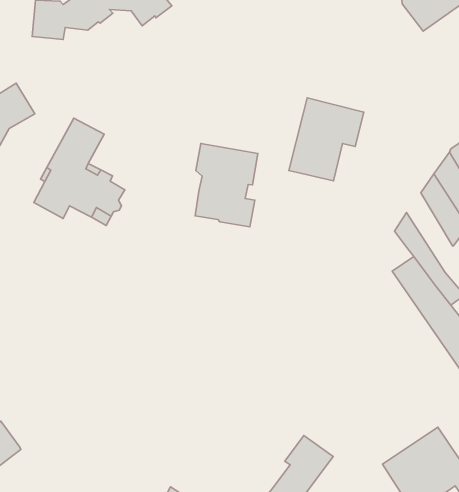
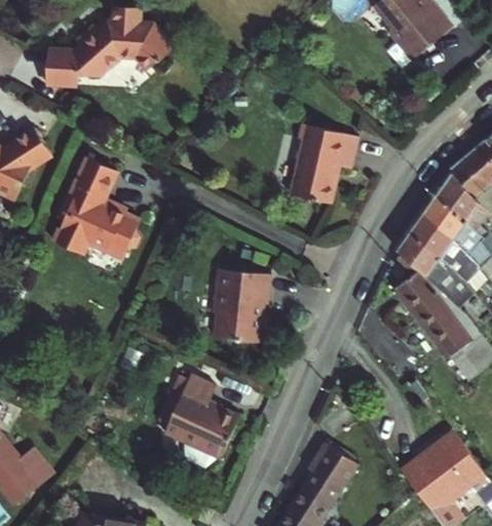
building: [195,144,258,227] -> [212,267,269,343]
building: none -> [408,210,454,284]
building: none -> [163,375,236,467]

